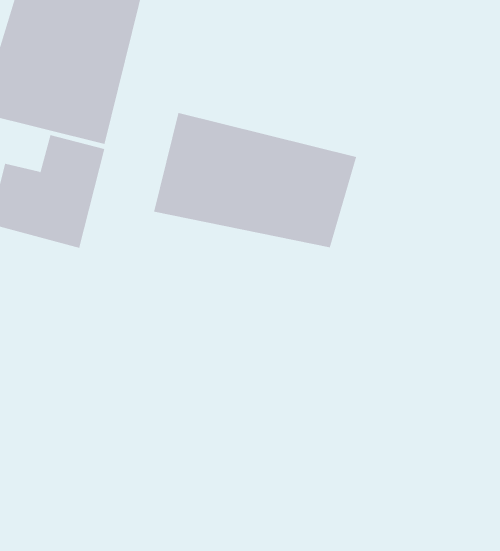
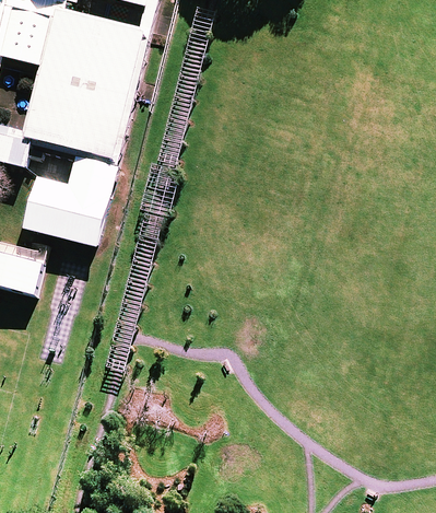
building: [154,112,357,248] -> none

